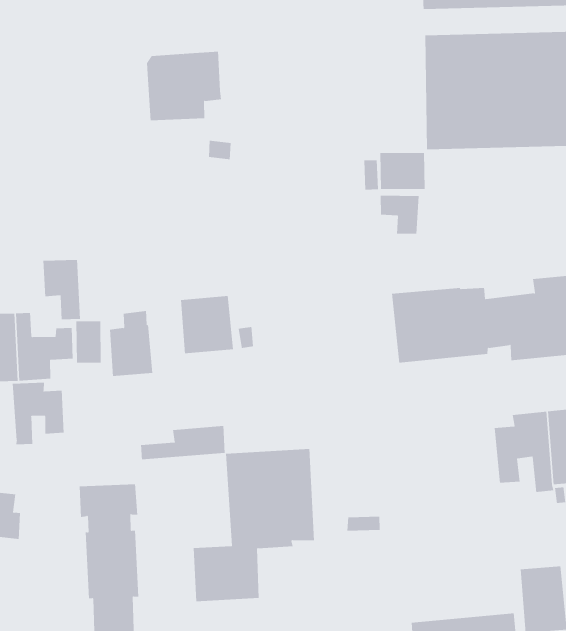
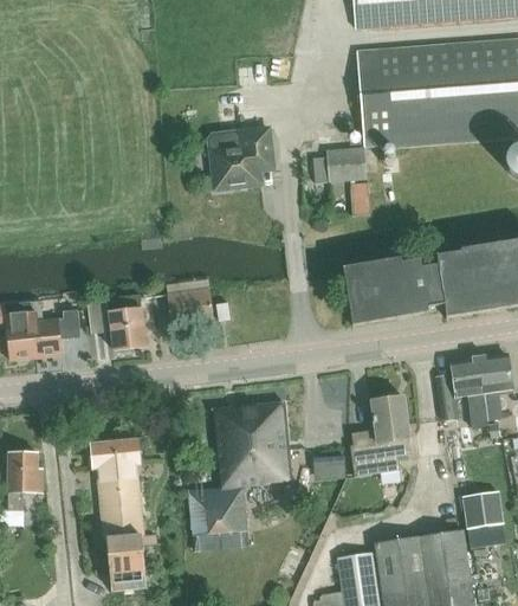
building: [146,51,222,121] -> [209,127,274,188]
building: [43,259,81,320] -> none
building: [12,382,64,445] -> none
building: [140,425,225,460] -> none
building: none -> [349,394,412,476]

